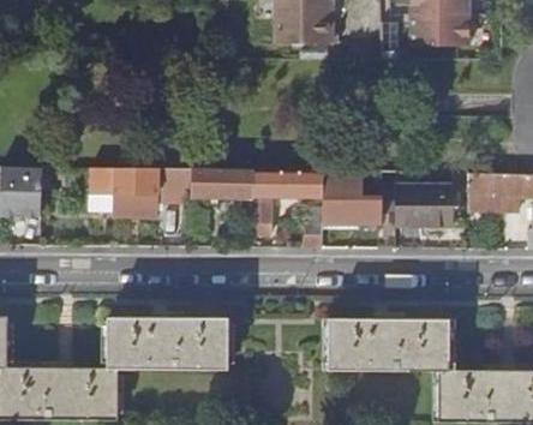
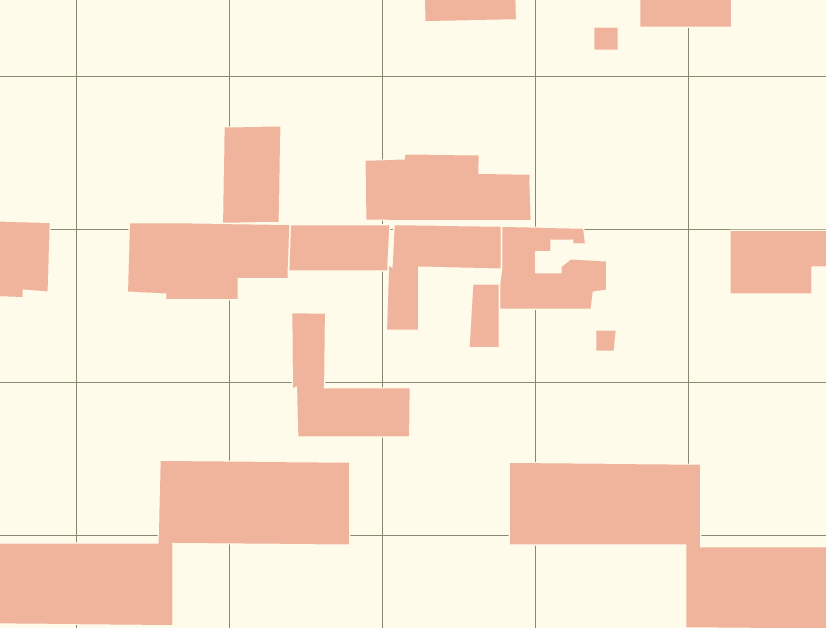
building: none -> [223,126,281,224]
building: none -> [365,154,531,221]
building: [395,187,454,223] -> none
building: none -> [292,313,410,437]

